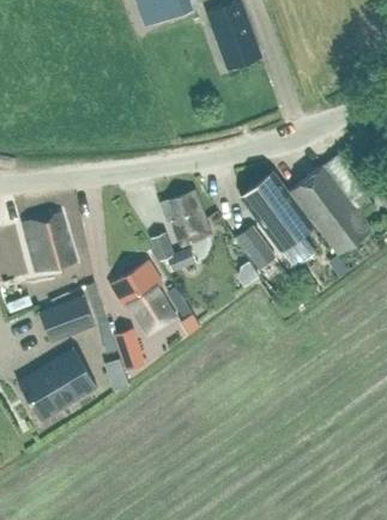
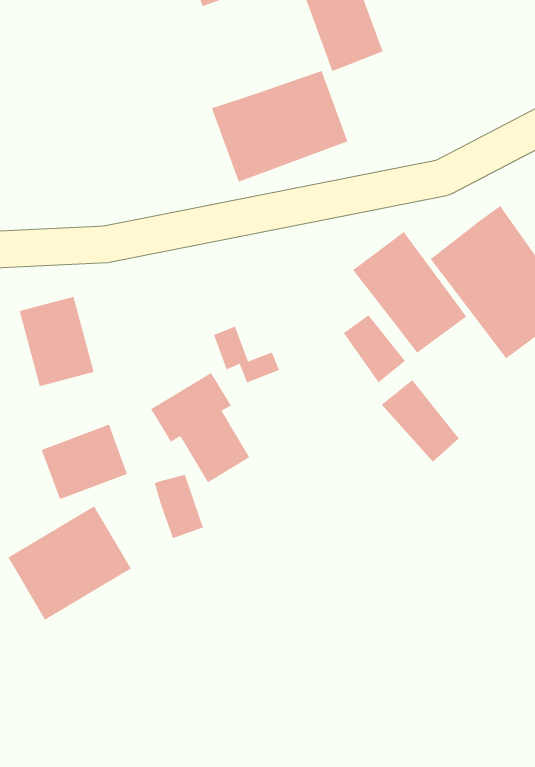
building: none -> [211,70,348,183]
building: [161,189,212,244] -> none
building: none -> [381,379,459,463]

